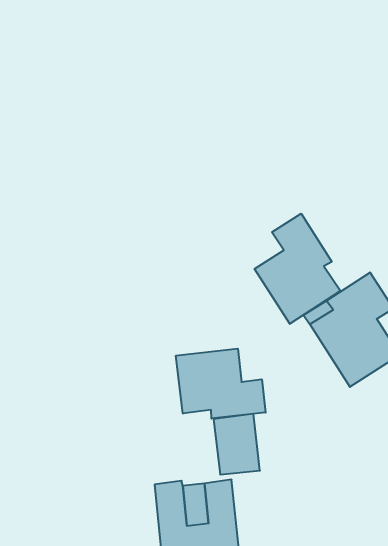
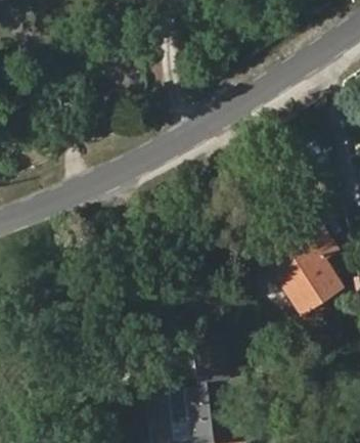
building: [255,214,340,324] -> none
building: [176,349,266,419] -> none

